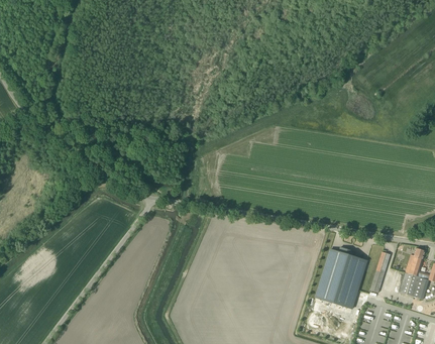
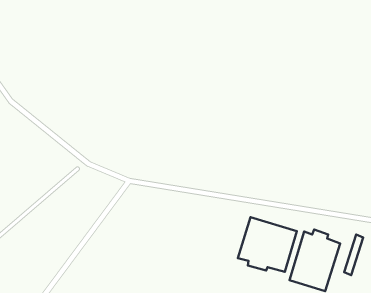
building: none -> [238,217,297,272]

